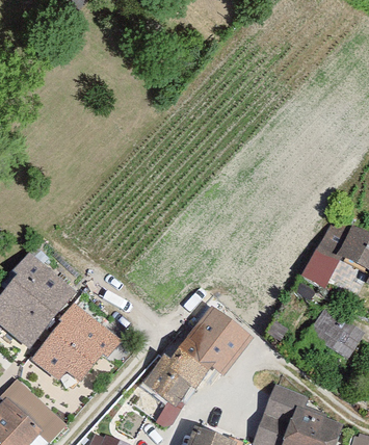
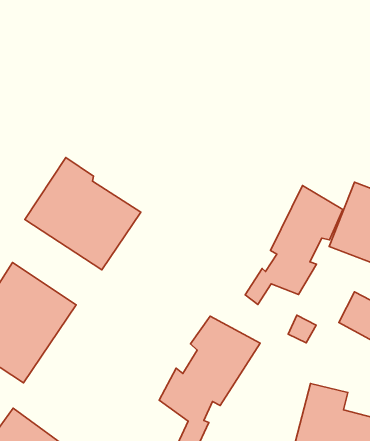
building: none -> [25,157,141,270]
building: none -> [245,186,343,304]
building: [31,306,122,392] -> none

